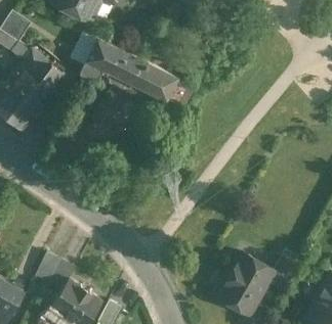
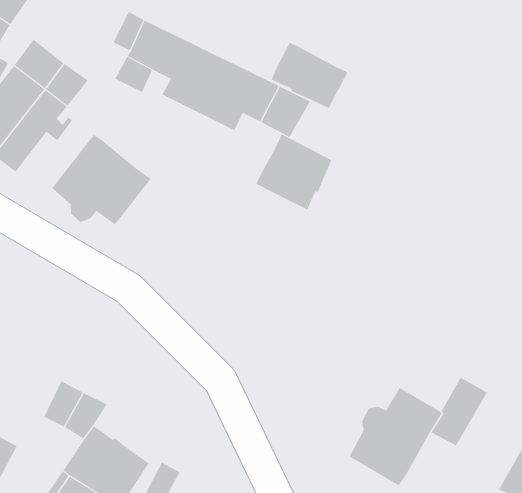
building: none -> [271,42,348,109]
building: none -> [256,133,332,210]
building: none -> [51,134,151,225]

